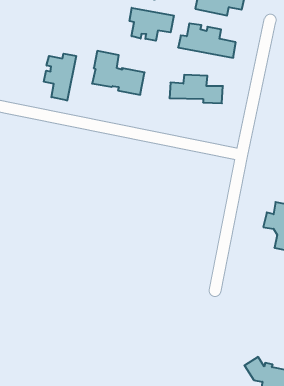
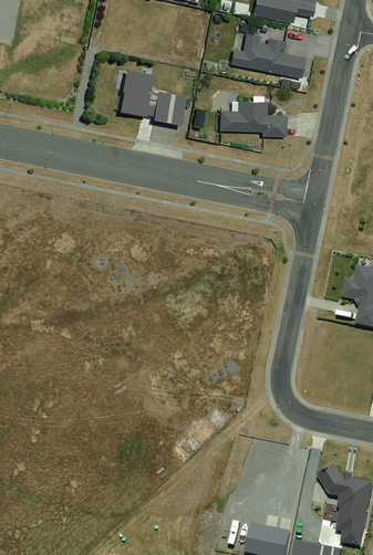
building: [130,8,174,41] -> none
building: [44,54,76,101] -> none

